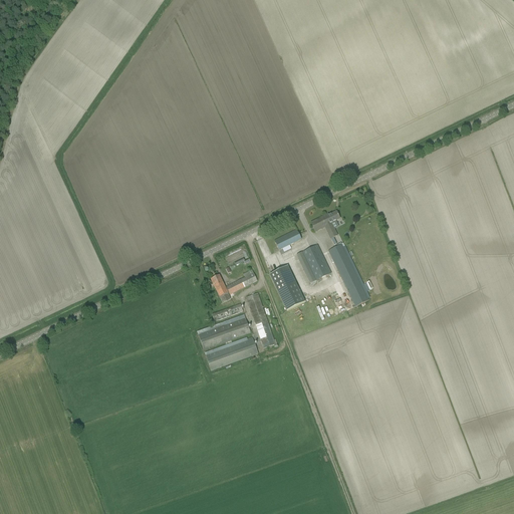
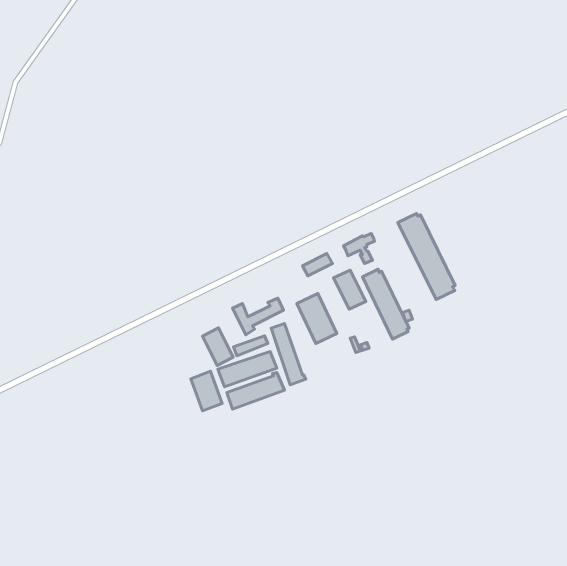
building: none -> [398,213,455,300]
building: none -> [203,328,233,365]
building: none -> [191,371,222,411]

